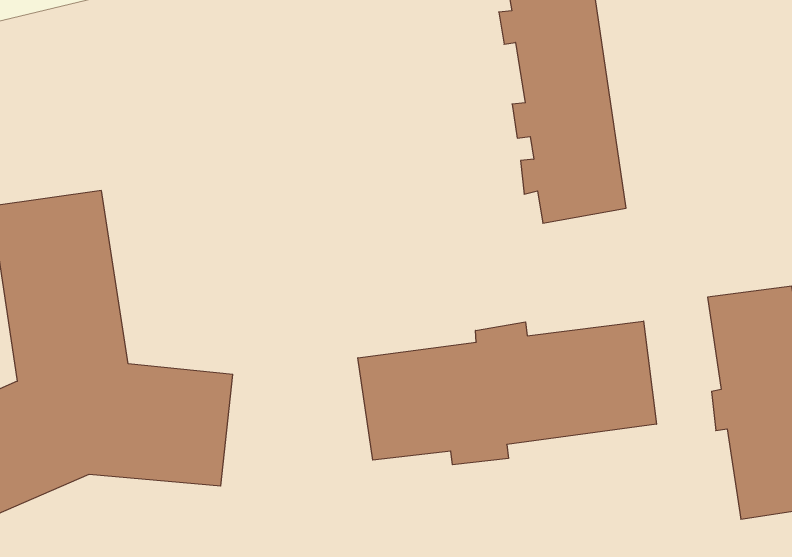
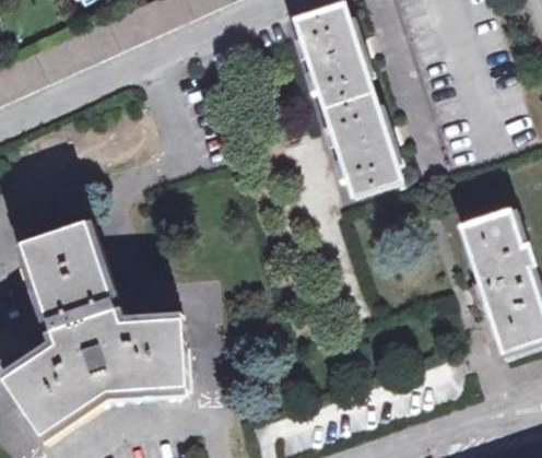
building: [358,321,656,465] -> none

